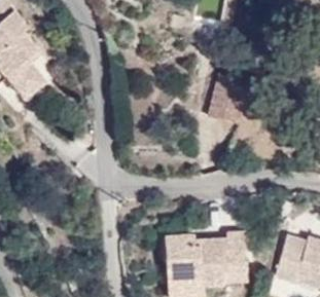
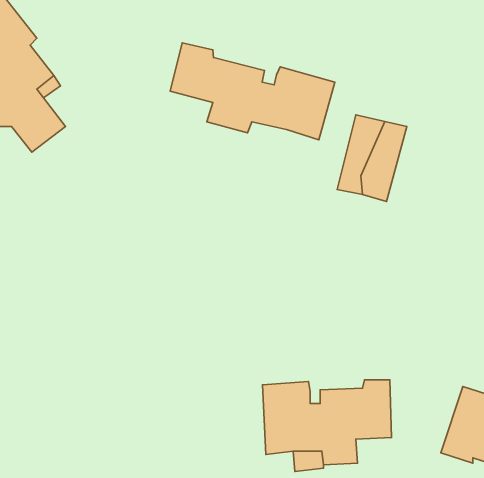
building: none -> [170,43,335,140]

